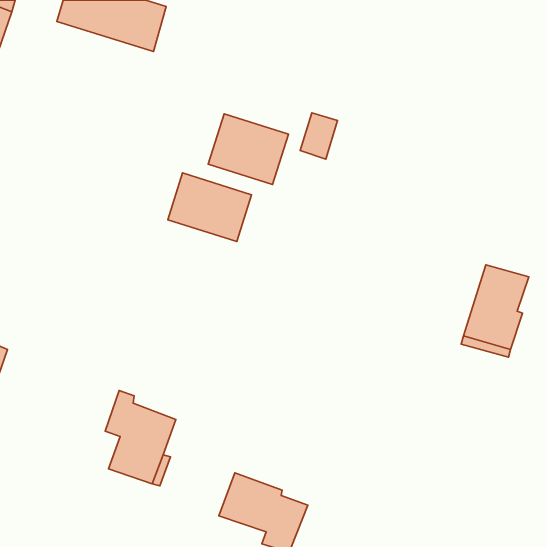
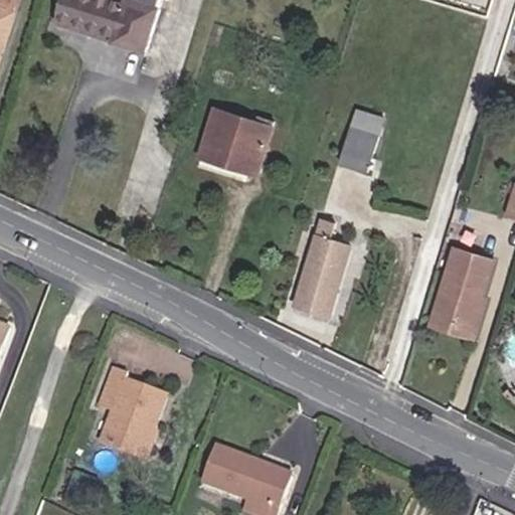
building: [300,113,338,159] -> [338,127,373,170]
building: [168,173,252,242] -> none
building: none -> [292,219,349,316]

